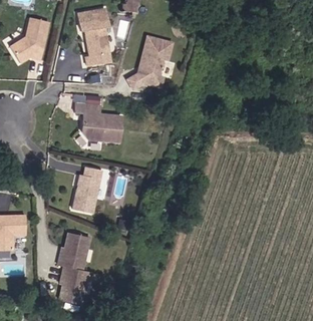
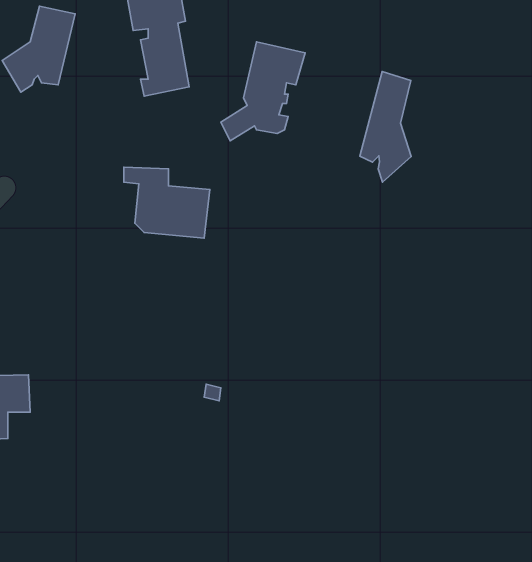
building: none -> [360,72,411,182]
building: [72,167,100,213] -> none
building: [57,232,90,305] -> none

